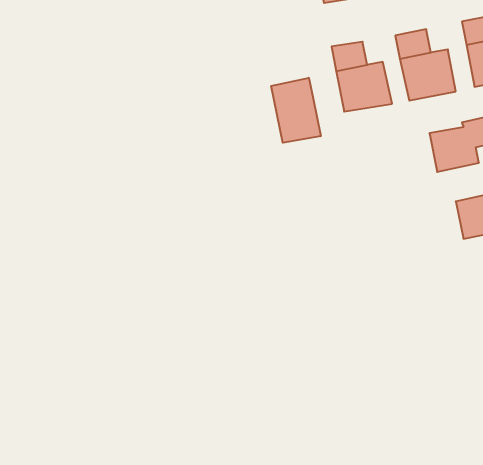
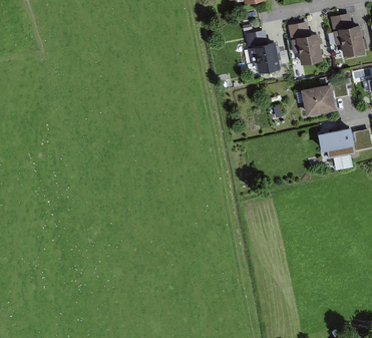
building: [271,78,321,143] -> none

